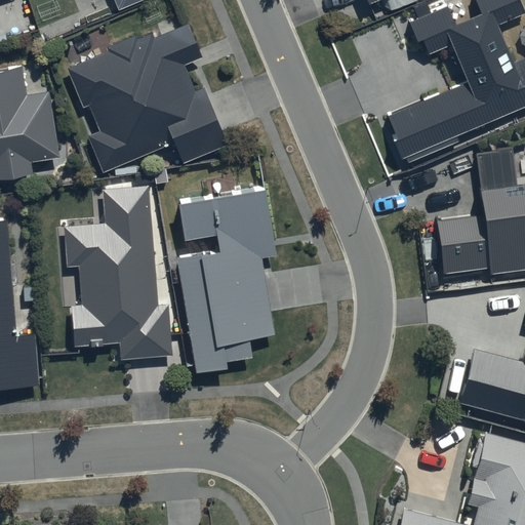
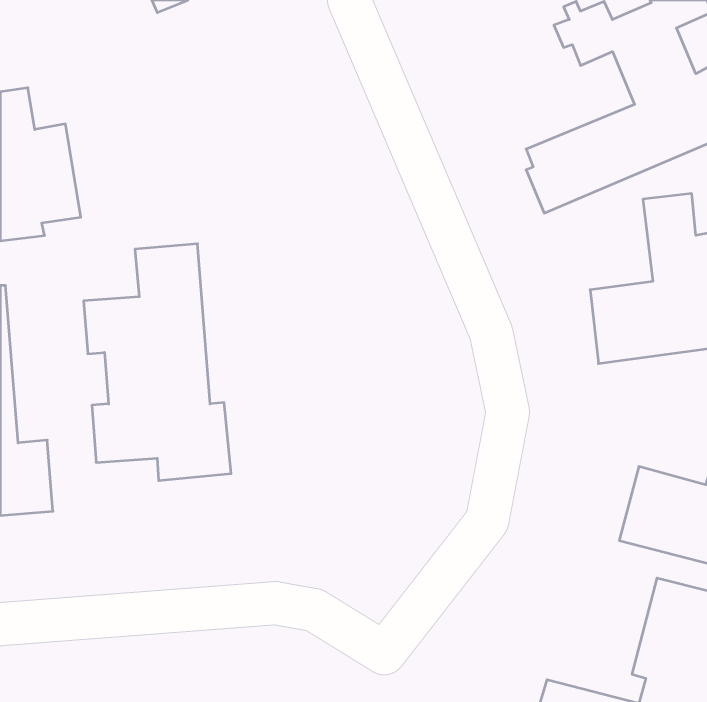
building: [65,23,226,172] -> none
building: [173,185,275,368] -> none

